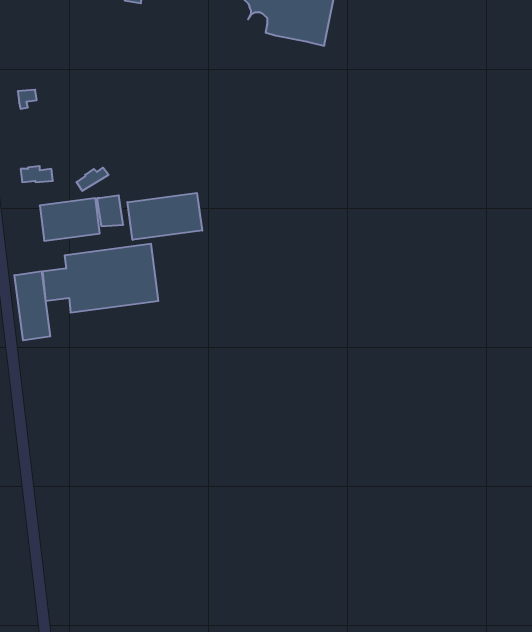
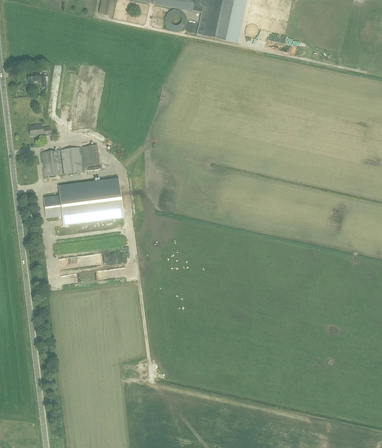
building: [127,193,202,240] -> none
building: [14,271,50,340] -> none

